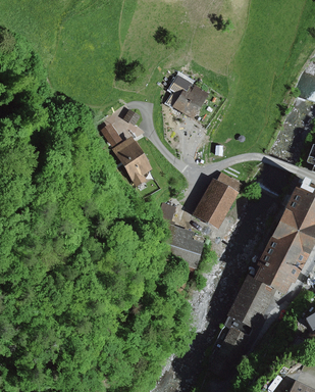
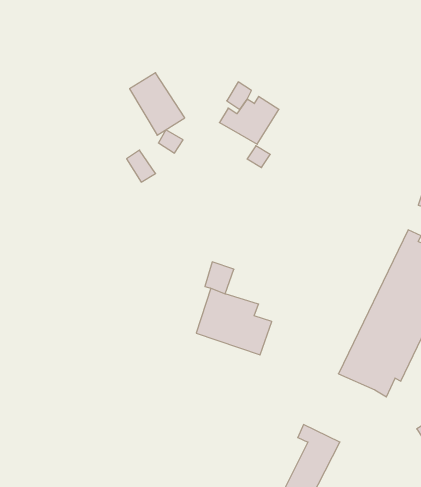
building: [113,137,152,181] -> [130,73,185,135]
building: [193,170,244,229] -> none
building: [226,276,276,328] -> none

